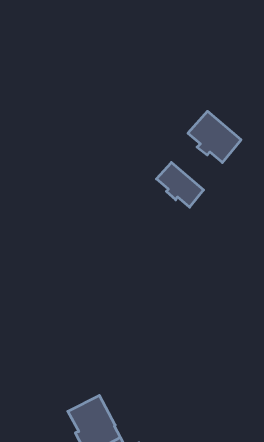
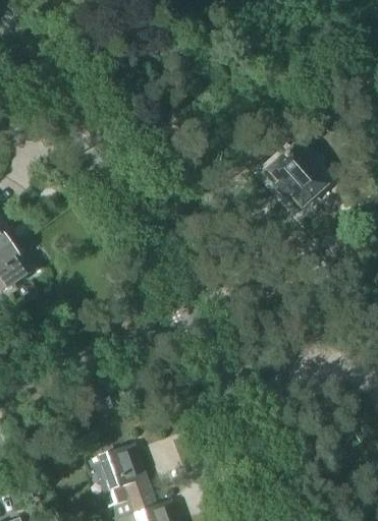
building: [156,162,204,207] -> none

